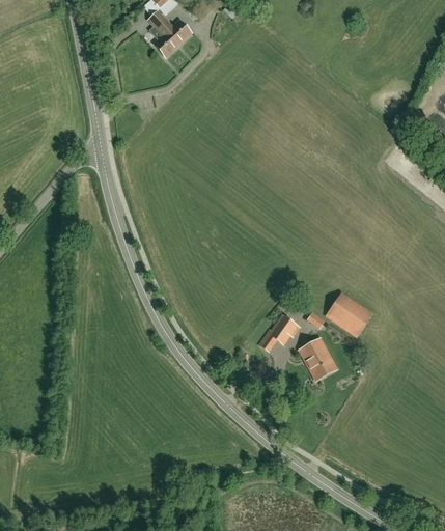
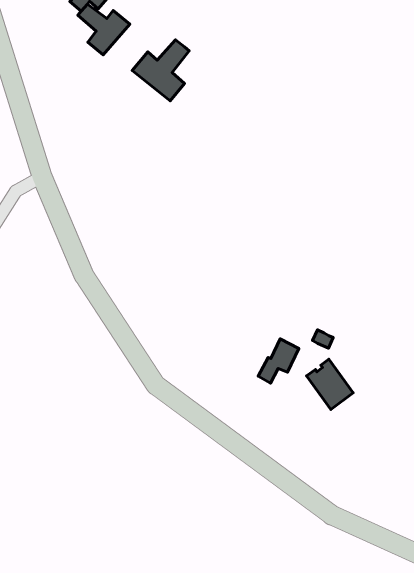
building: none -> [132,40,189,101]
building: [325,290,372,334] -> none

